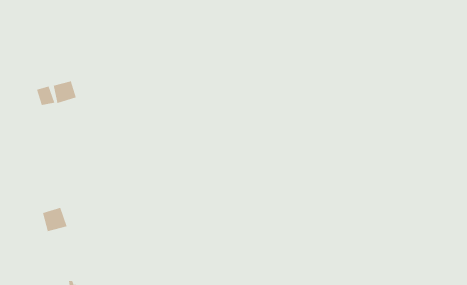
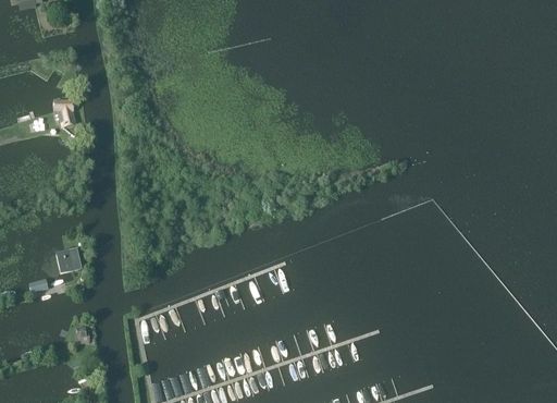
building: [53,81,76,104] -> none

